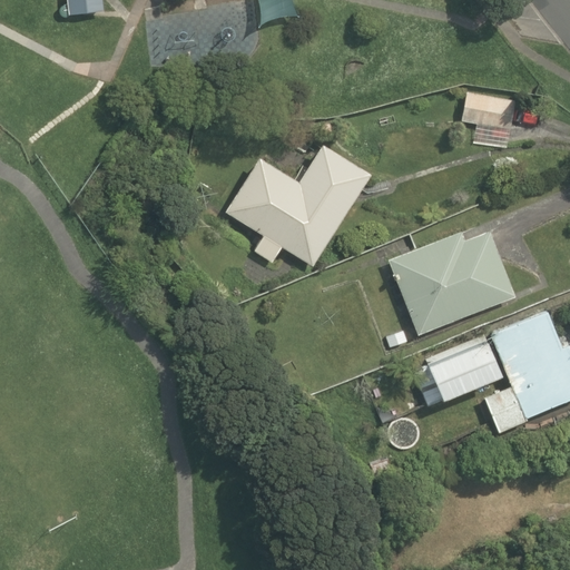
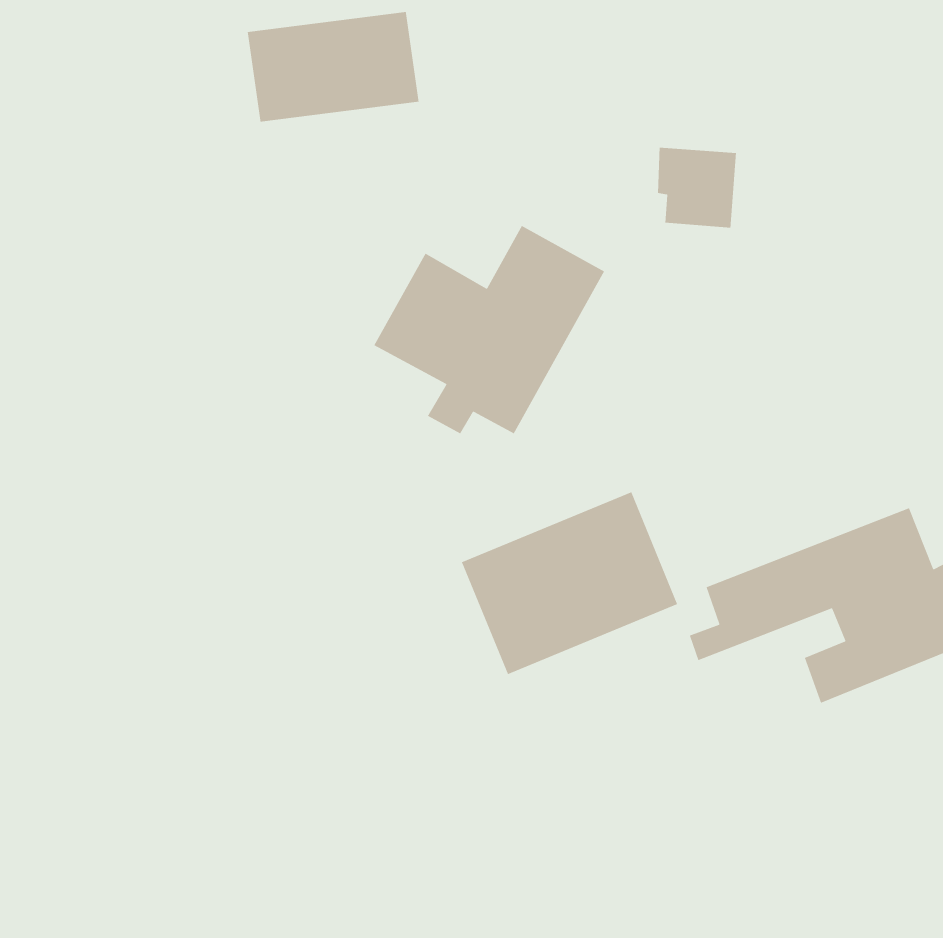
building: [466,95,514,144] -> [657,147,737,229]
building: [389,230,519,341] -> [461,491,678,675]

